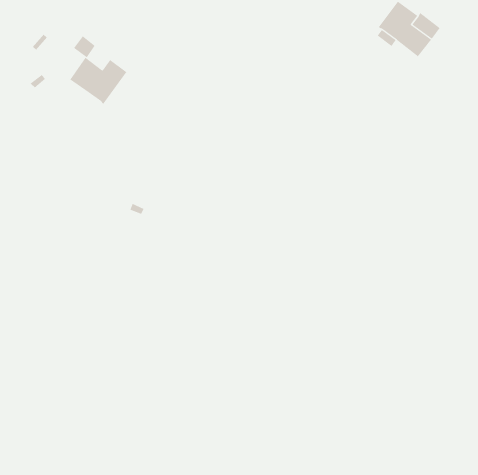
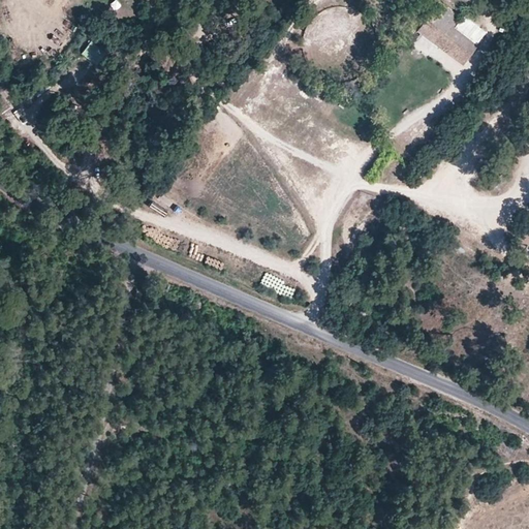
building: [69,57,127,105] -> none

